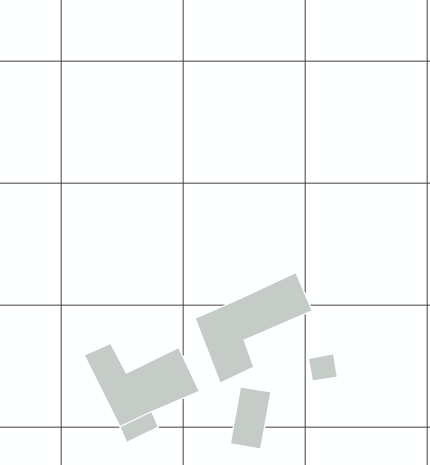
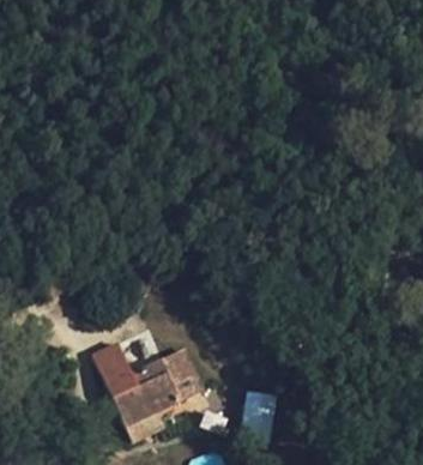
building: [195,273,312,383] -> none

